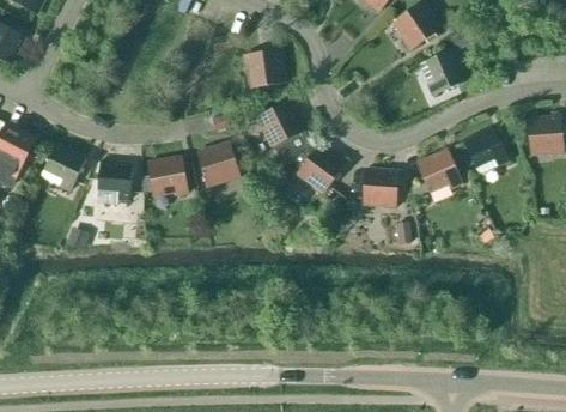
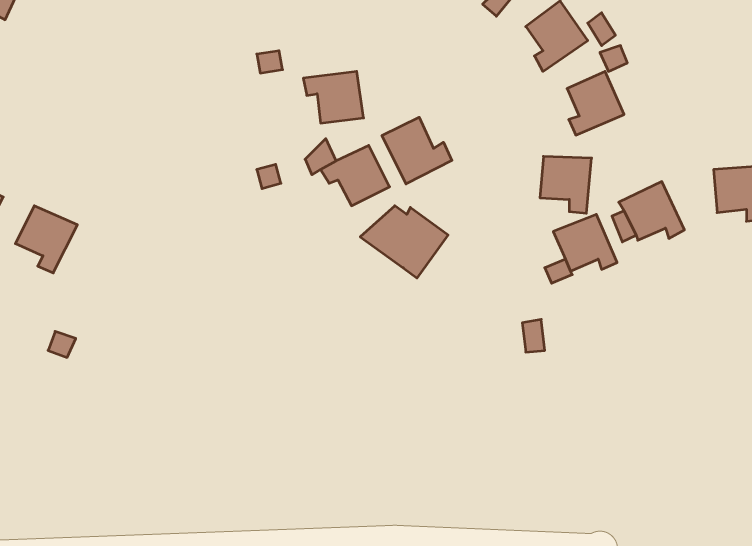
building: none -> [382,117,452,184]
building: [197,143,239,181] -> none
building: [148,156,187,195] -> none
building: [97,160,132,205] -> none
building: [363,169,398,208] -> [540,156,592,213]

